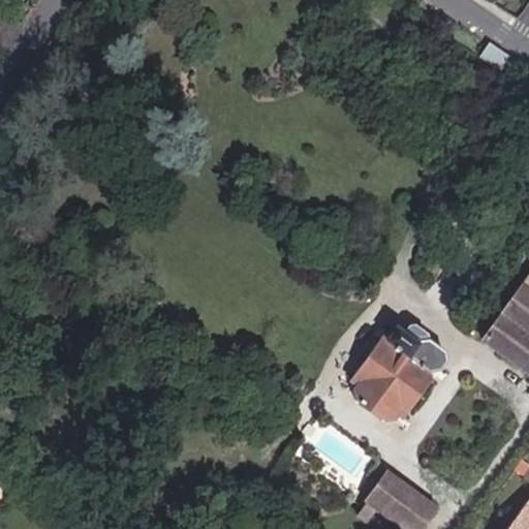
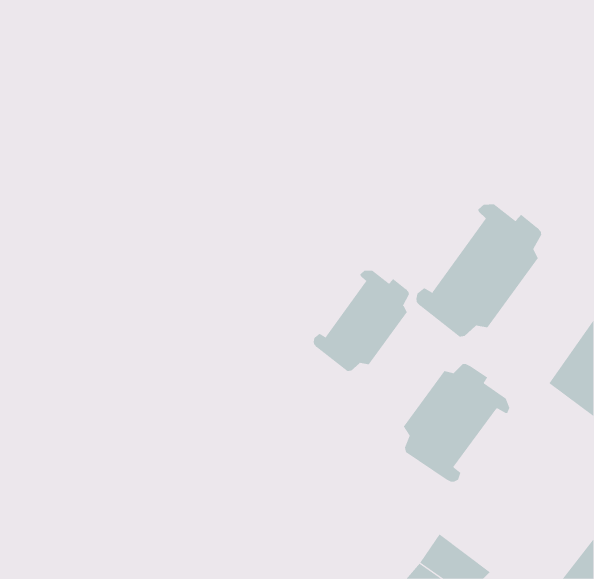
building: none -> [416,203,542,337]
building: none -> [313,270,410,372]

